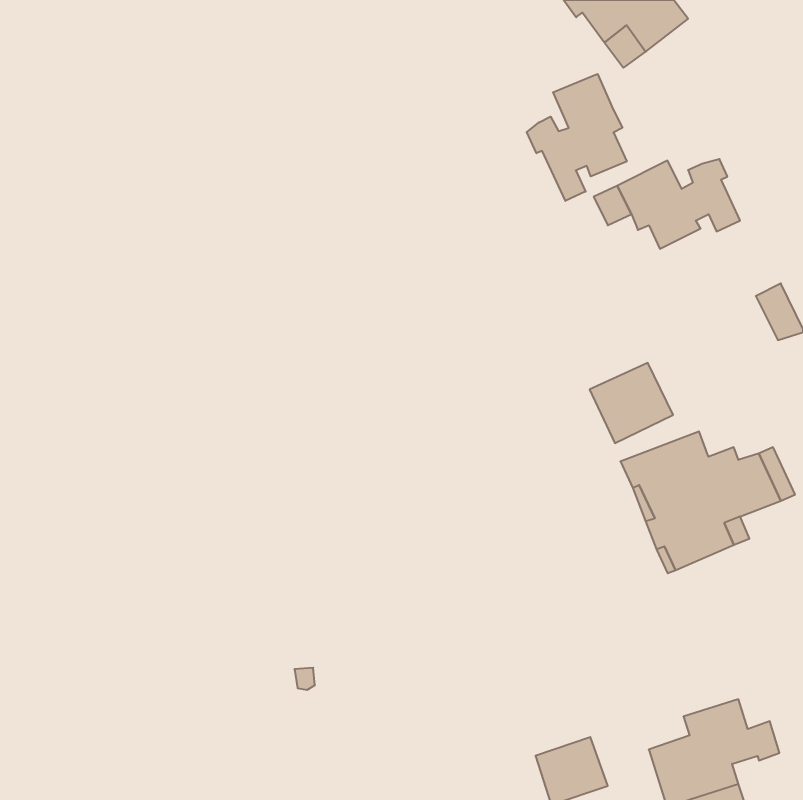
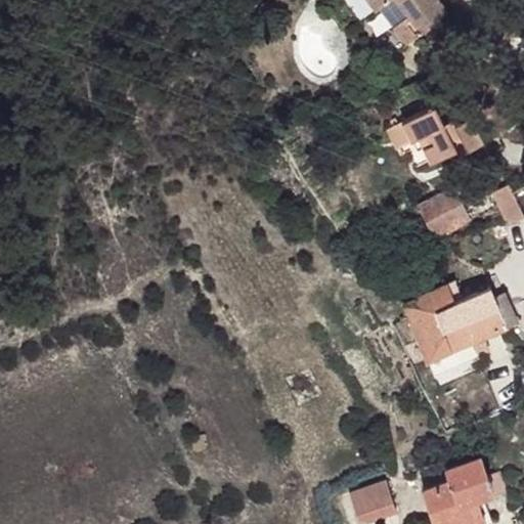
building: [527,74,627,201] -> none
building: [590,363,673,443] -> [416,188,470,241]

